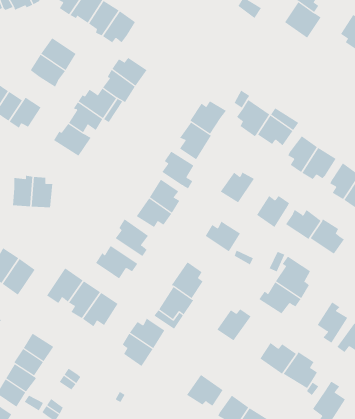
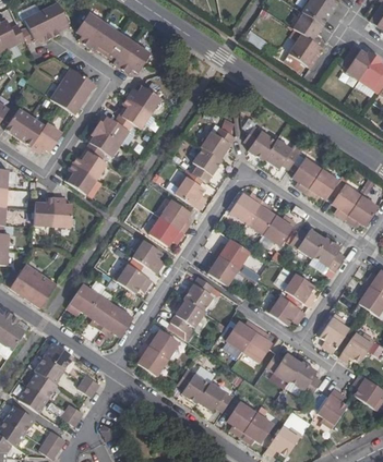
building: none -> [64,163,97,195]
building: none -> [247,199,275,233]
building: none -> [207,253,238,285]
building: none -> [242,328,273,363]
building: none -> [178,368,211,402]

